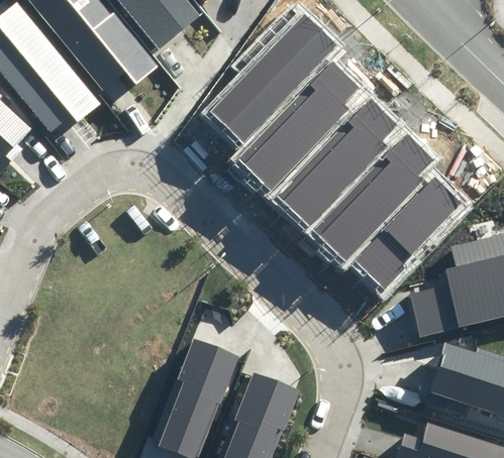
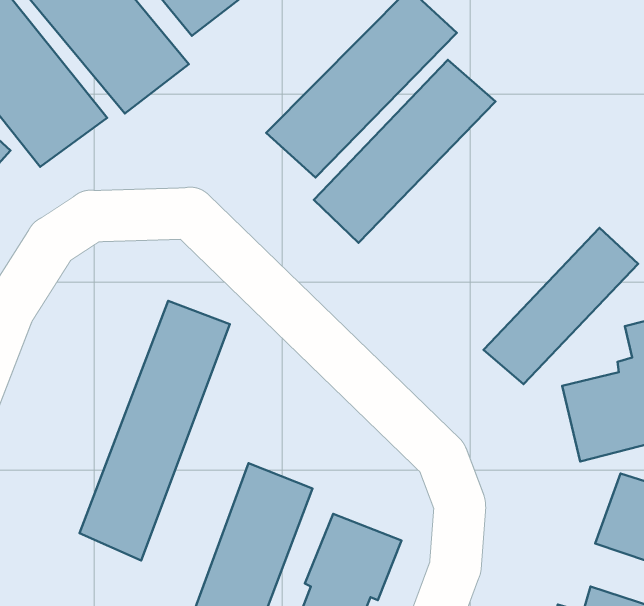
building: [277,100,397,226] -> none
building: [312,135,433,259] -> none
building: none -> [79,301,230,561]

